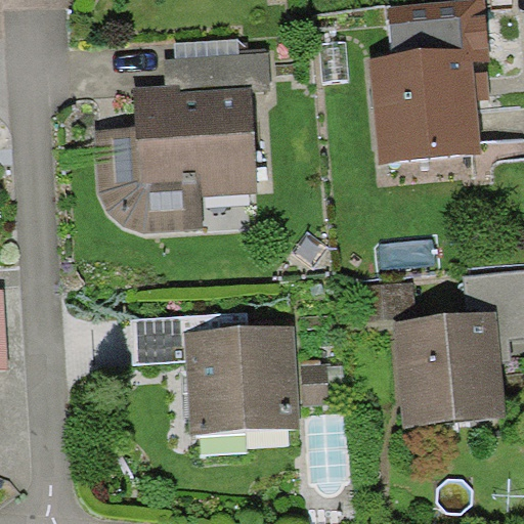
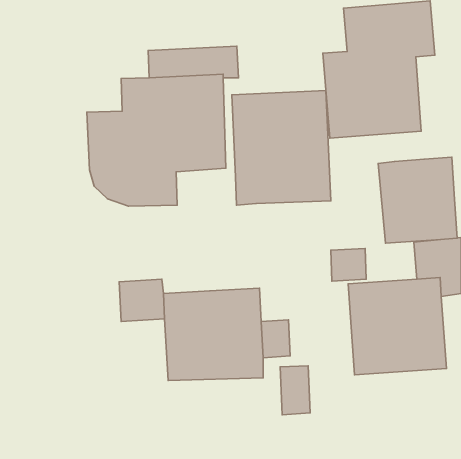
building: none -> [232,91,331,205]
building: none -> [378,157,457,243]

